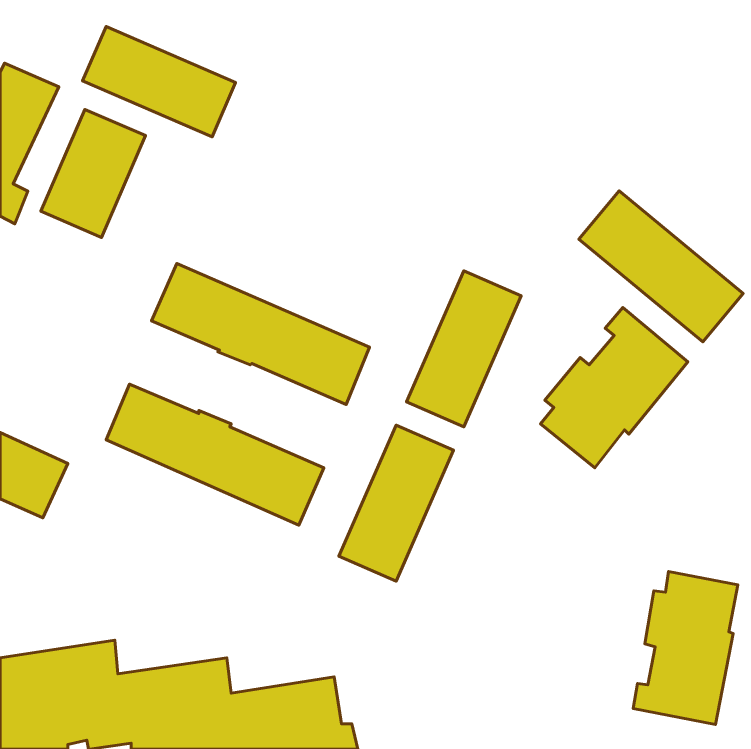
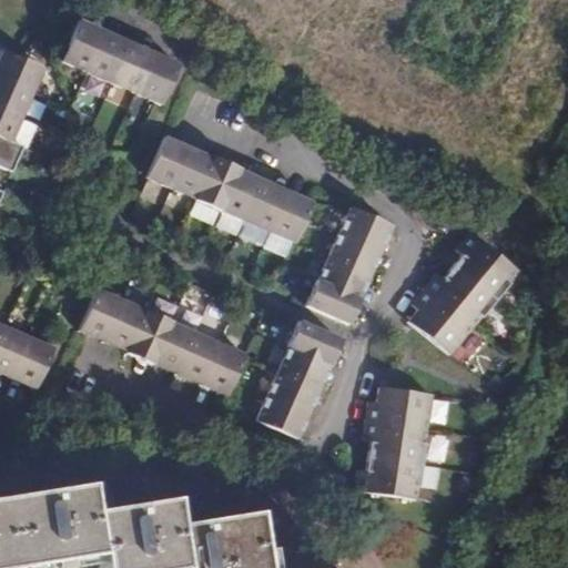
building: [41,109,146,237] -> none
building: [579,191,743,342] -> none
building: [152,263,370,405] -> [148,135,312,242]
building: [633,572,738,725] -> [355,385,434,500]

